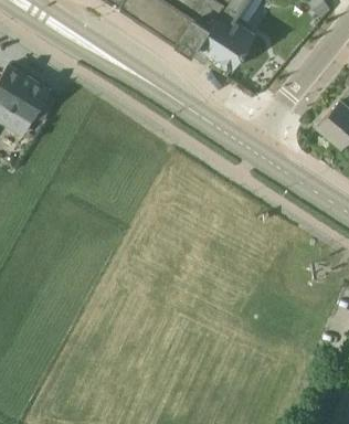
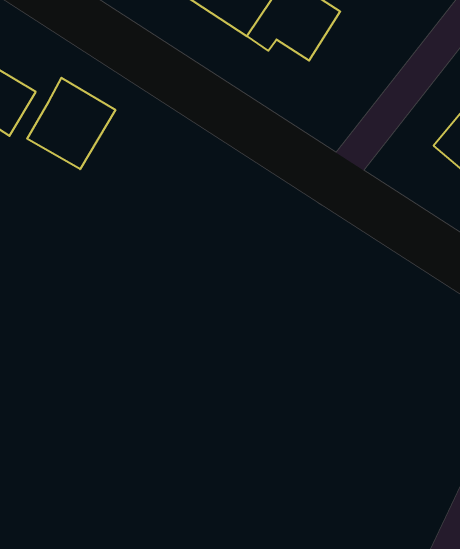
building: none -> [27,78,115,169]

